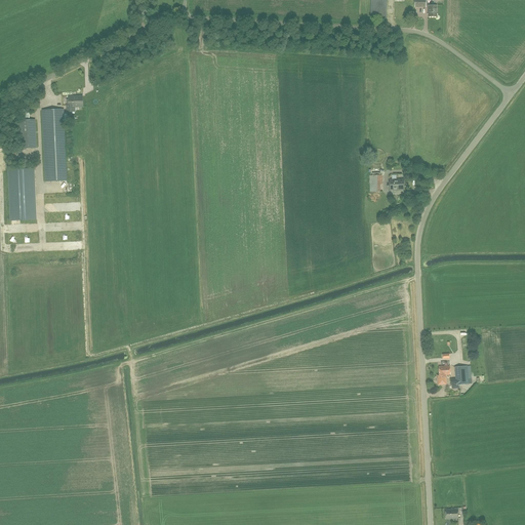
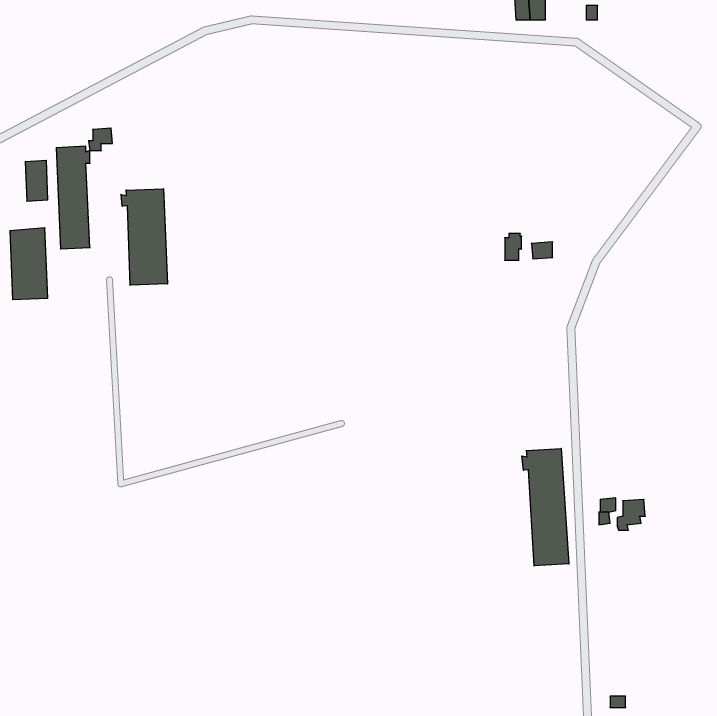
building: none -> [121,189,167,285]
building: none -> [522,448,569,566]

